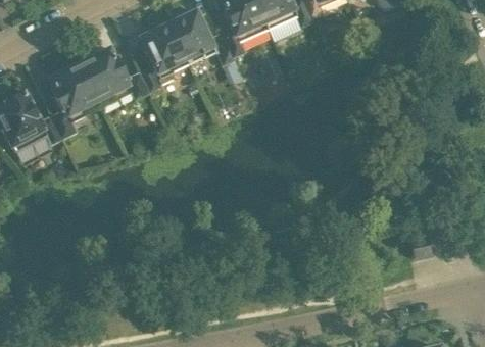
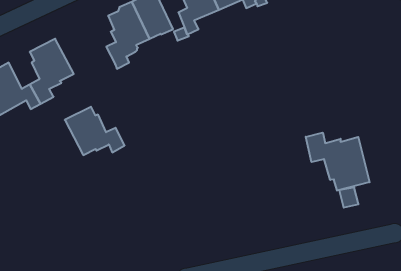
building: [79,47,148,103] -> [65,107,125,155]
building: none -> [306,133,370,191]

